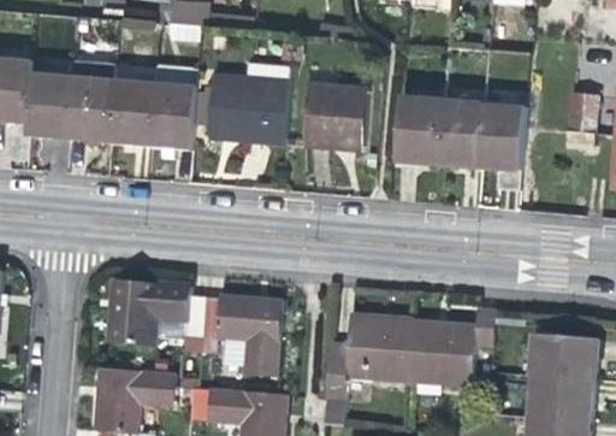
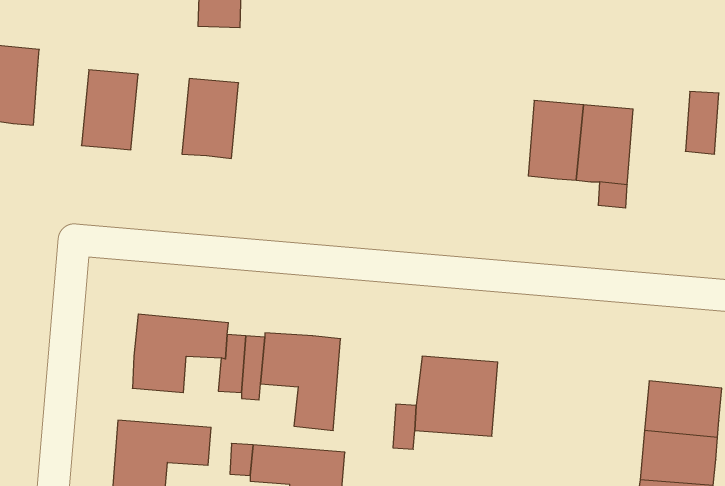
building: [26,72,73,139] -> none
building: [211,76,290,146] -> none
building: [108,79,156,146] -> none
building: [302,86,366,151] -> none
building: [395,98,442,164] -> none
building: [407,308,494,385] -> none

